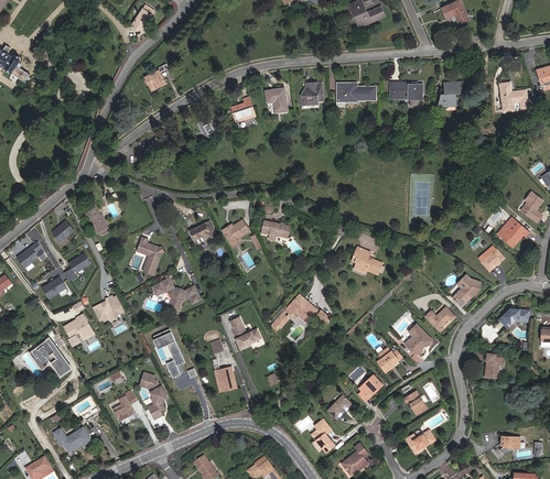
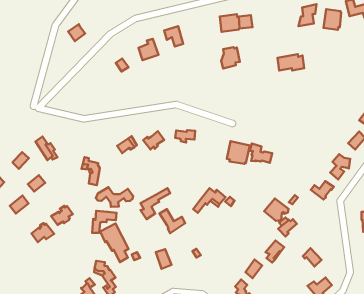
building: [300,80,323,106] -> [221,47,240,68]
building: [388,80,420,100] -> [278,54,304,71]
building: none -> [323,9,341,30]
building: none -> [227,141,250,164]
building: none -> [141,188,170,219]
building: none -> [92,211,117,233]
building: [400,324,431,352] -> [264,199,288,221]
building: [29,338,68,374] -> none

